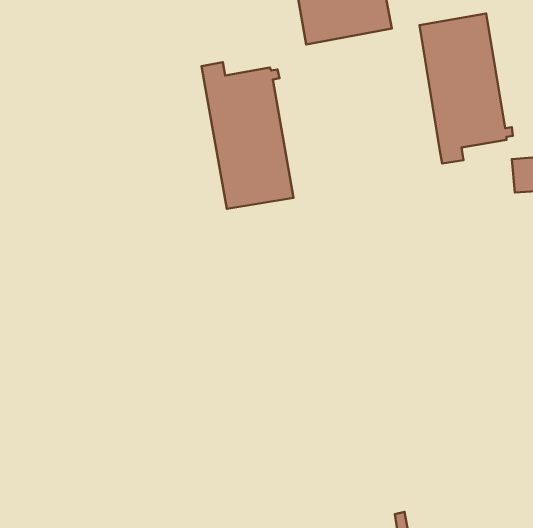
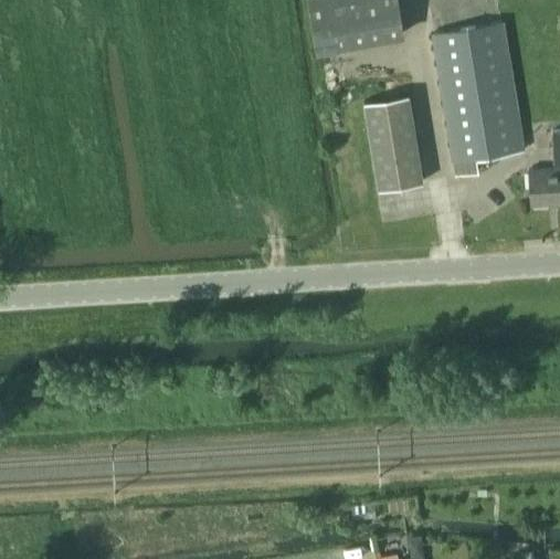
building: [202,62,293,209] -> none
building: none -> [364,96,423,191]

